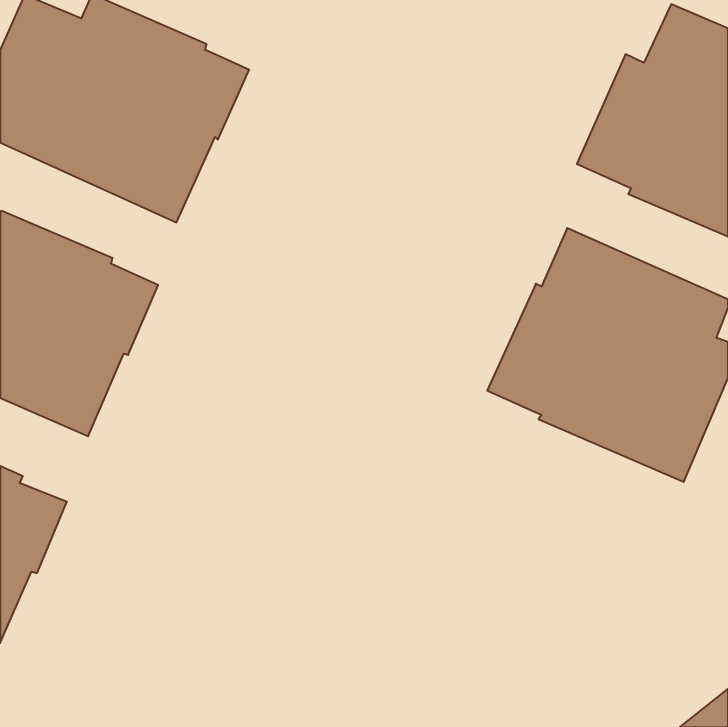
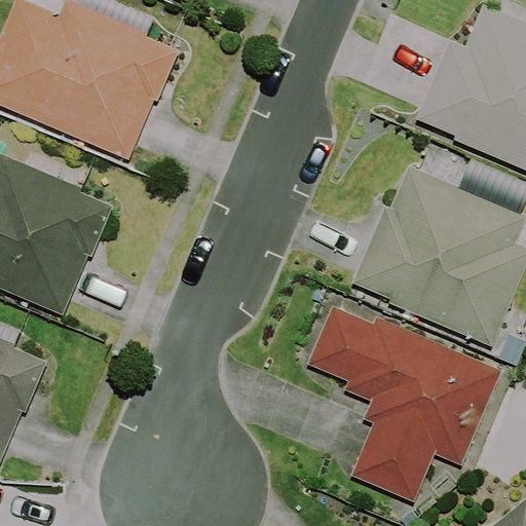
building: none -> [308,304,503,501]

